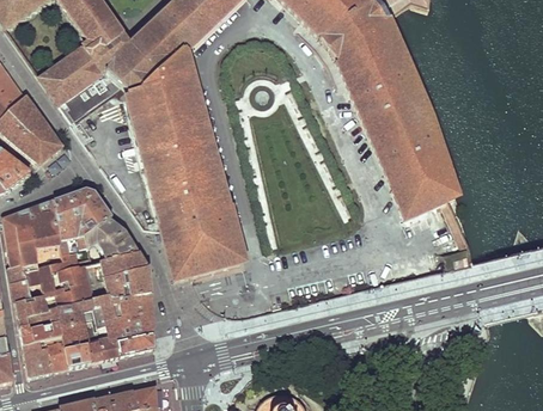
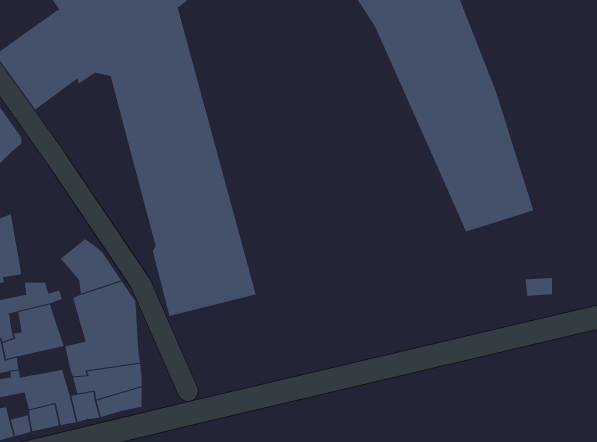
building: [54,189,112,252] -> none
building: [59,301,98,325] -> none

